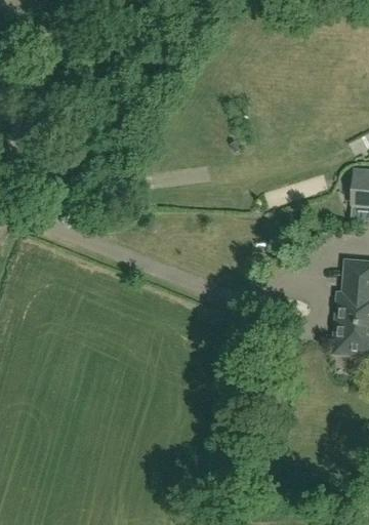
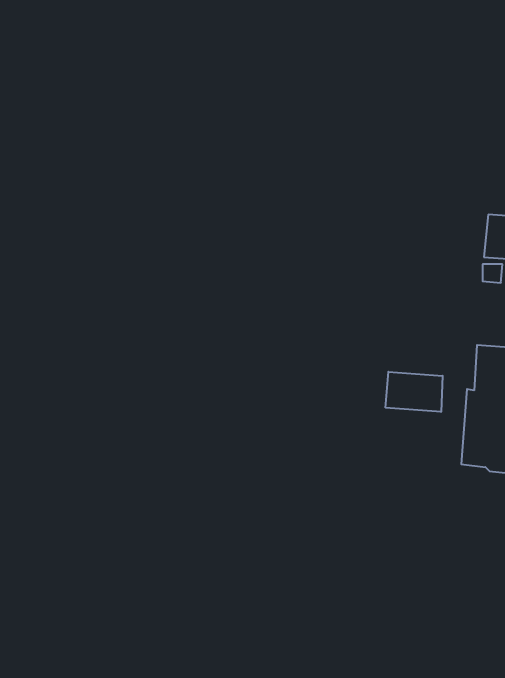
building: none -> [386,372,443,412]

